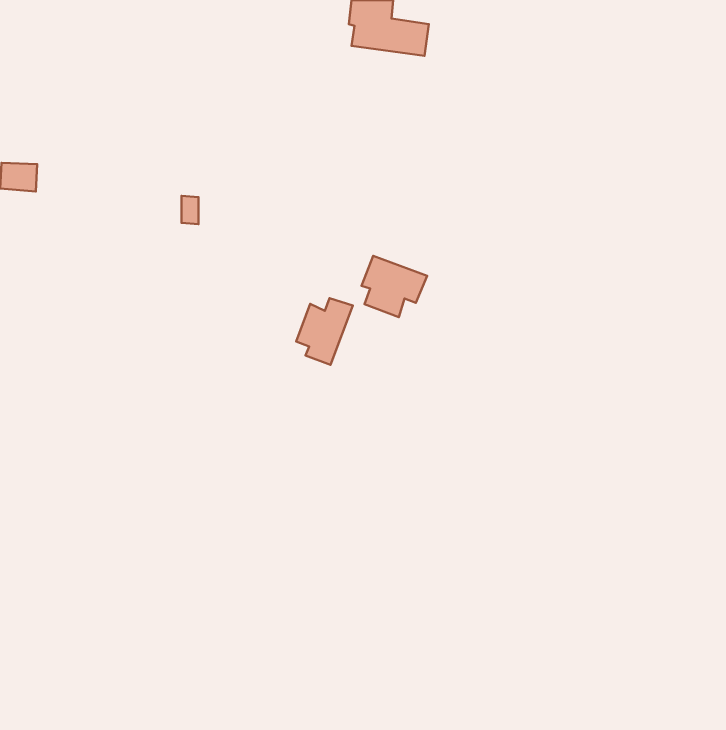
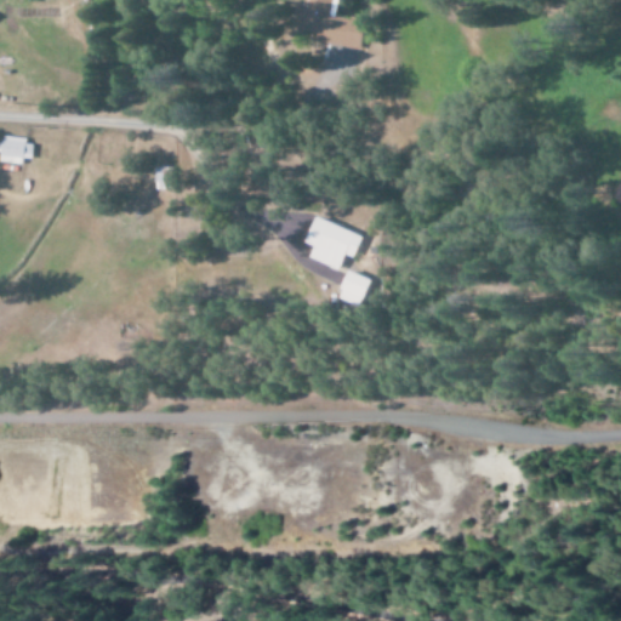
building: [296,298,353,365] -> none
building: none -> [336,270,369,307]

